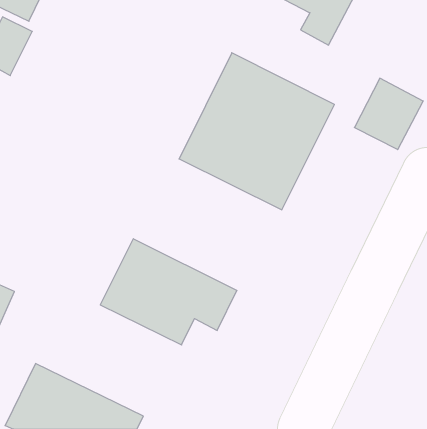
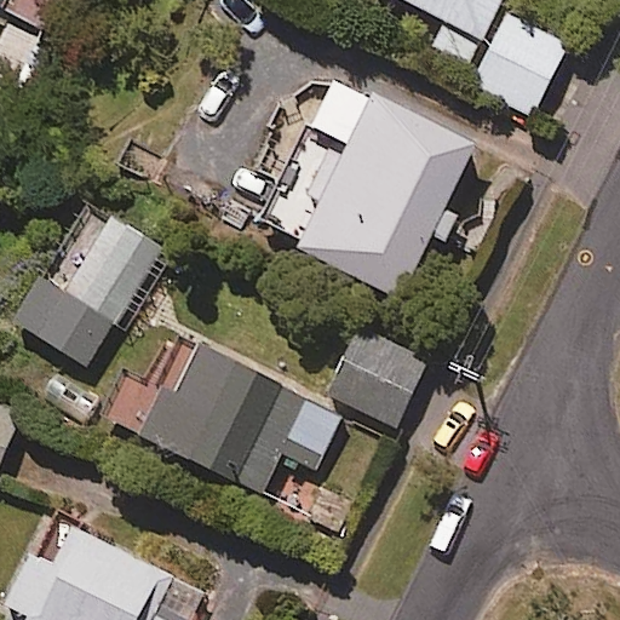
building: [354,78,423,150] -> [469,12,567,114]
building: none -> [13,203,167,368]
building: none -> [328,331,425,429]

